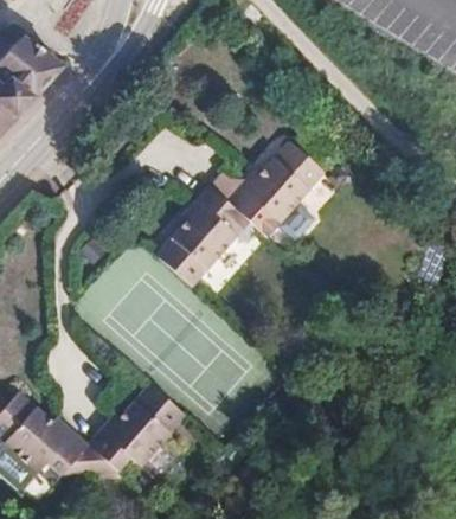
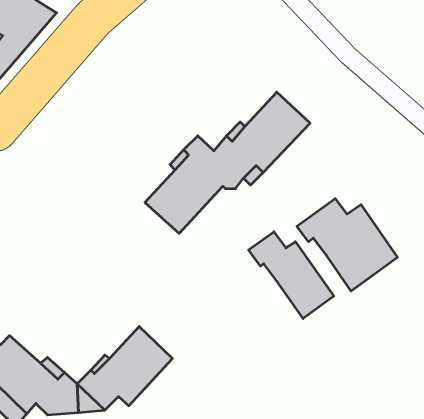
building: none -> [297,199,397,291]
building: none -> [249,232,334,319]

